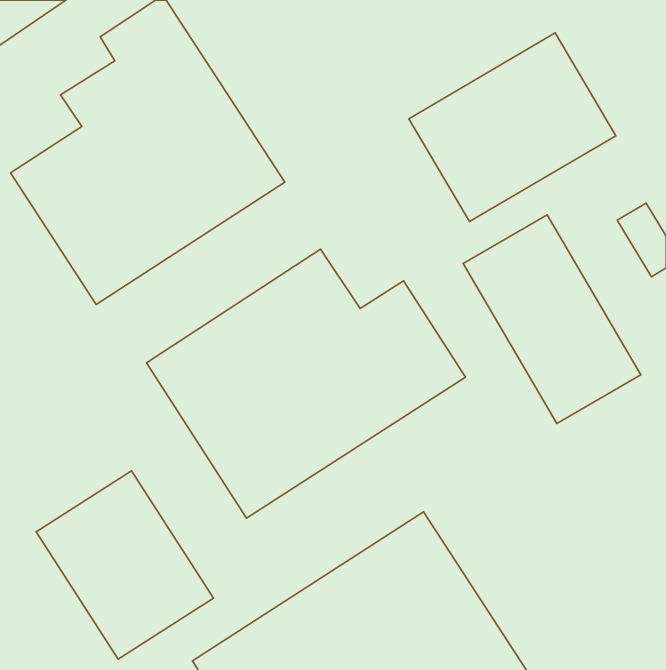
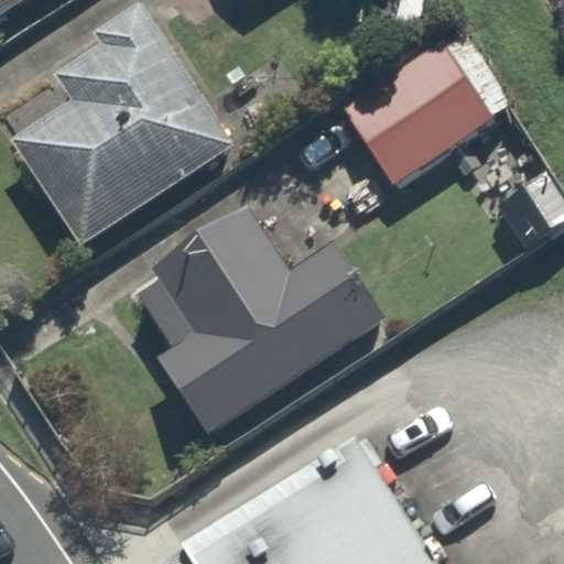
building: [463,215,641,424] -> none
building: [36,471,213,659] -> none

